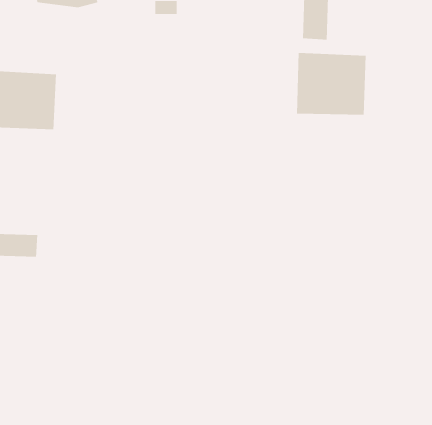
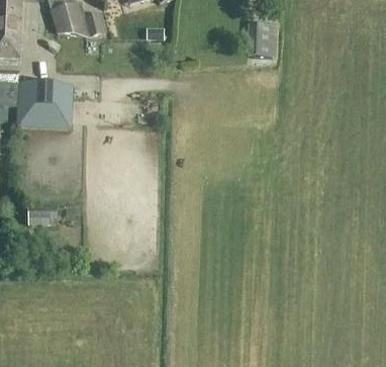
building: [296,52,366,115] -> none

